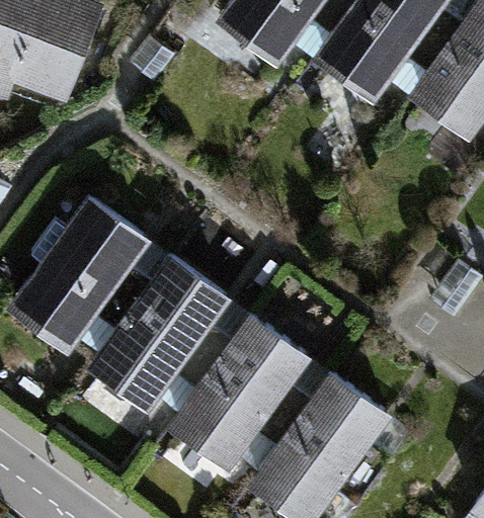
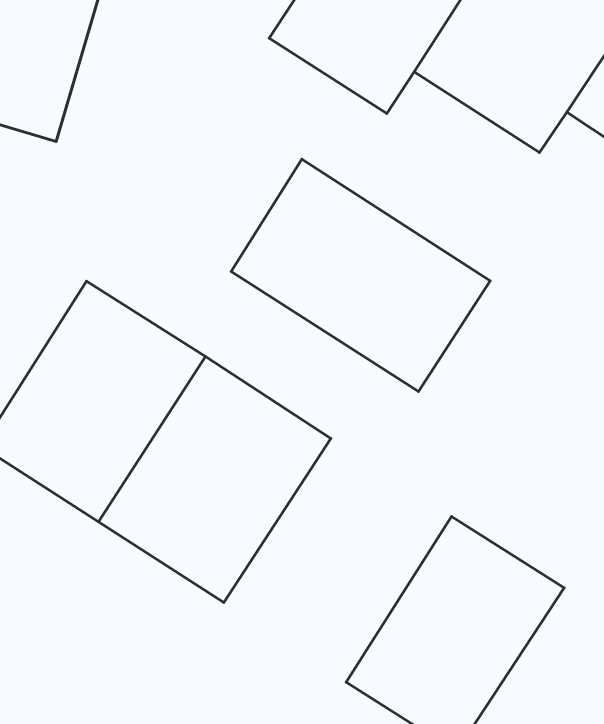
building: none -> [231,159,490,392]
building: [163,311,321,477] -> none

